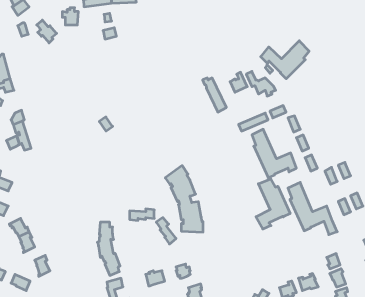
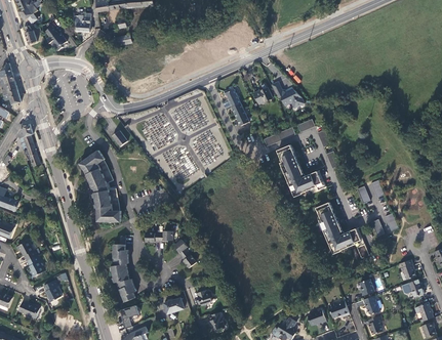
building: [261,41,309,79] -> none
building: [165,166,203,232] -> [80,151,121,222]
building: [256,179,290,229] -> none

